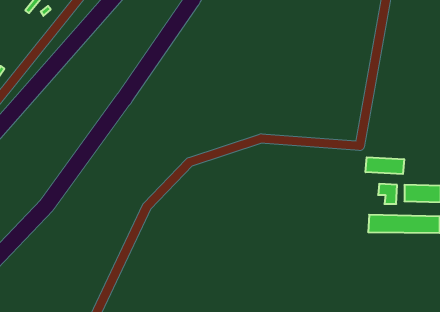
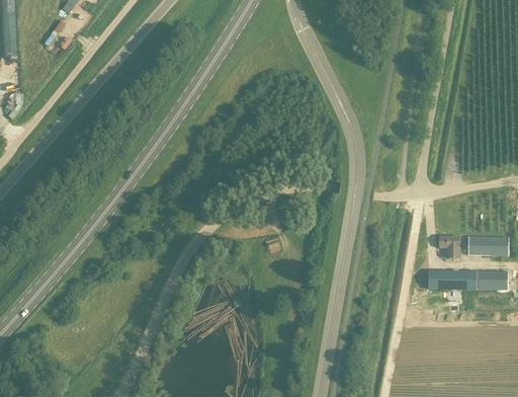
building: [366,157,404,174] -> none

